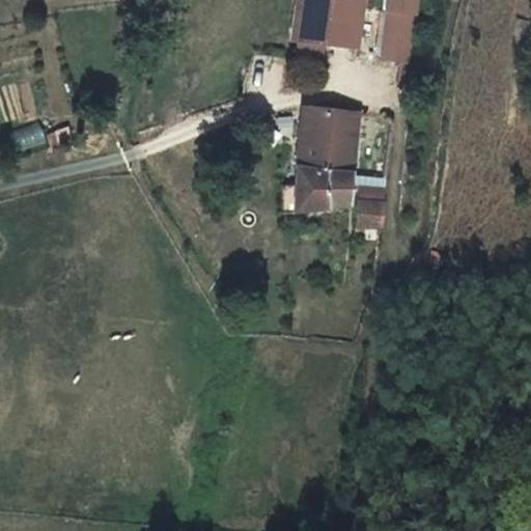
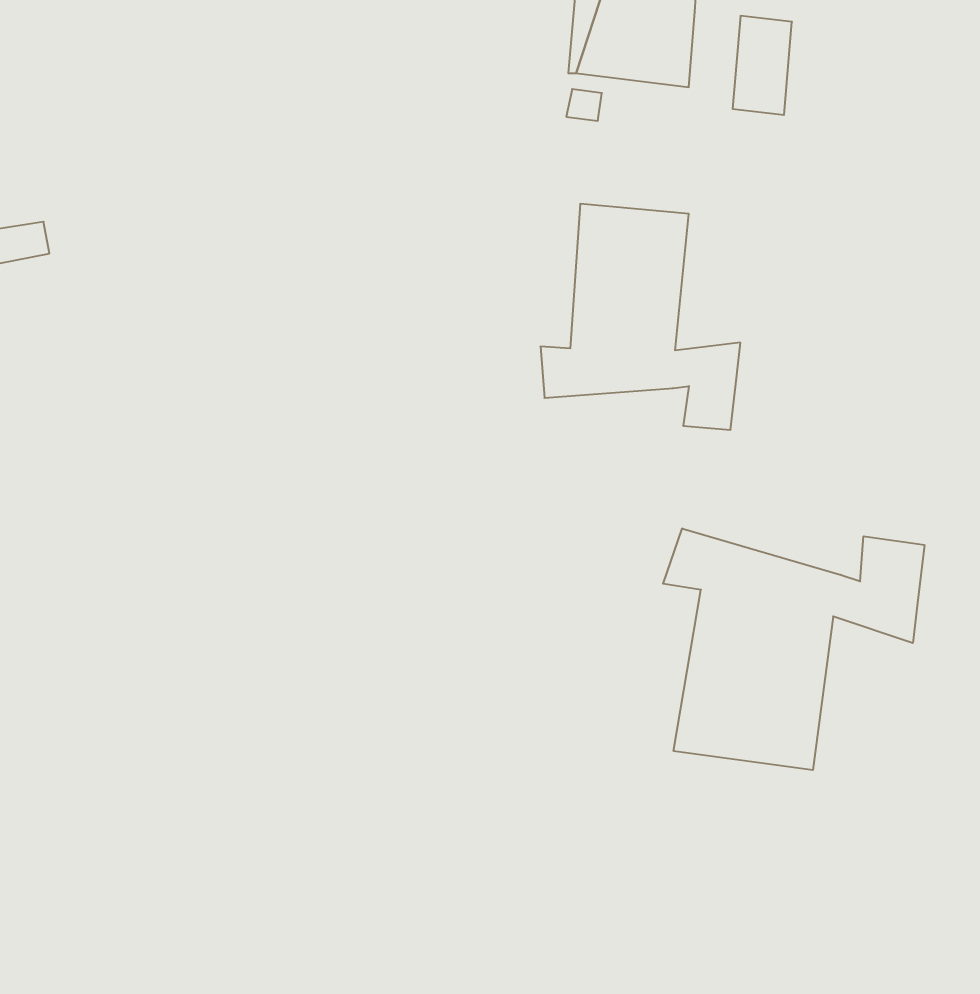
building: none -> [663,528,924,770]

